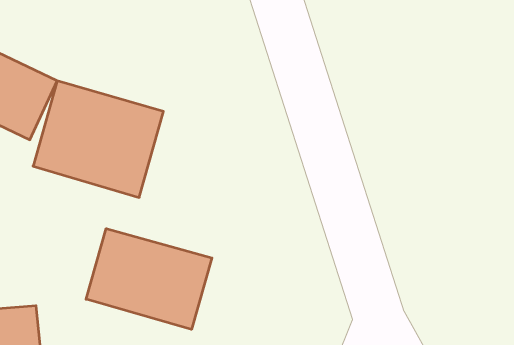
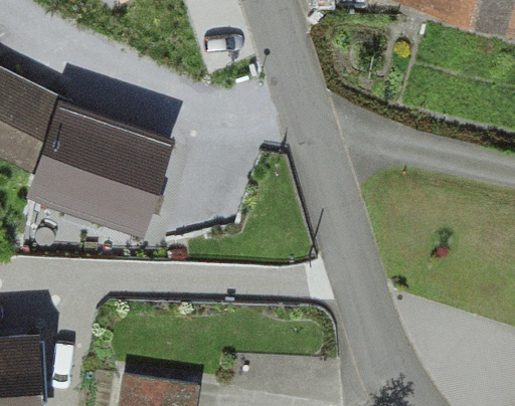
building: [86,229,212,329] -> none

